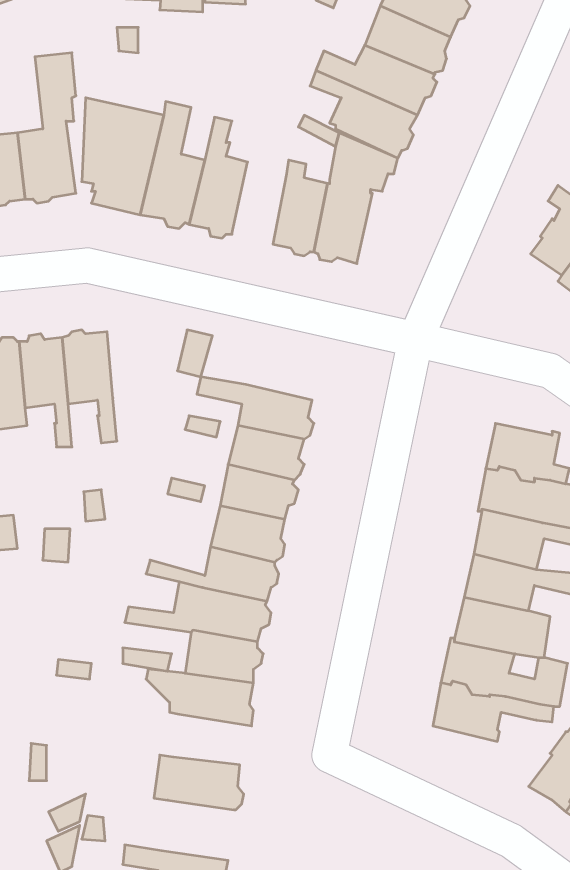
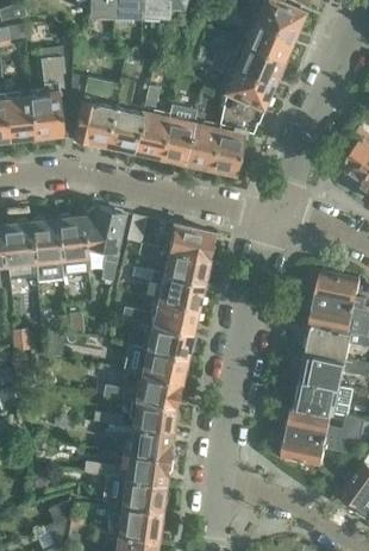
building: none -> [160,114,193,164]
building: none -> [83,208,124,283]
building: none -> [161,224,214,259]
building: none -> [85,451,171,482]
building: none -> [108,503,163,540]

